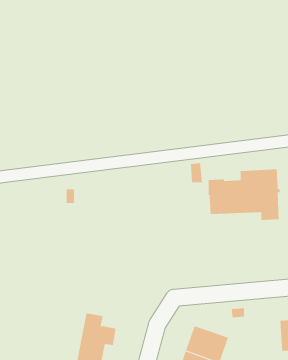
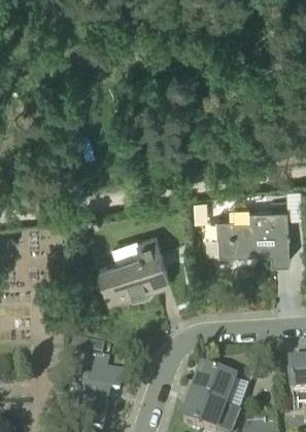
building: none -> [98,232,170,298]

